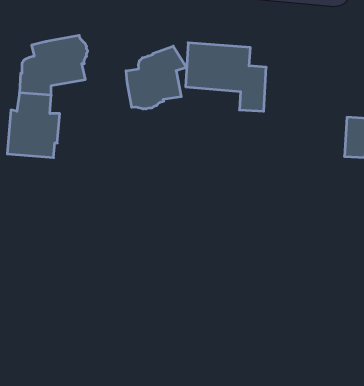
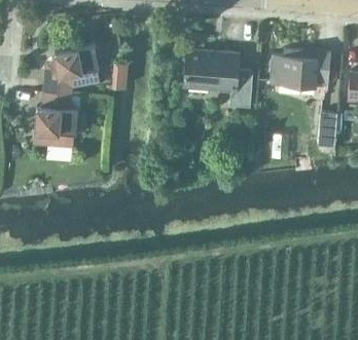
building: none -> [271,49,330,88]
building: [126,46,187,109] -> none

